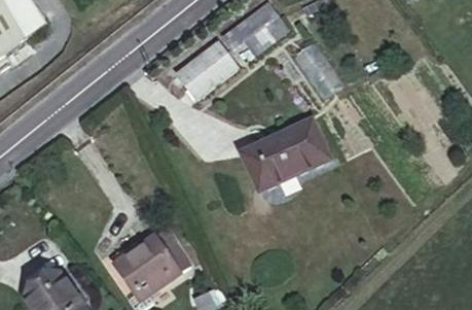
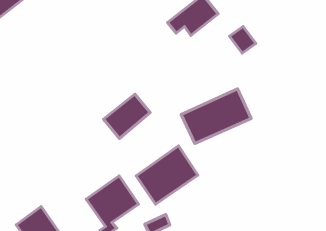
building: [176,41,235,98] -> [104,94,150,138]
building: none -> [136,146,198,204]

